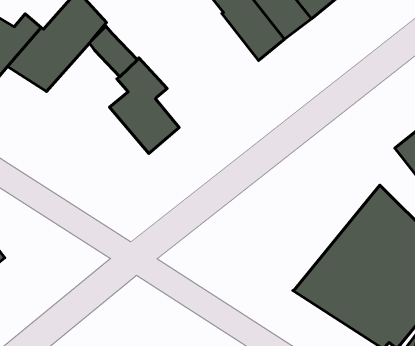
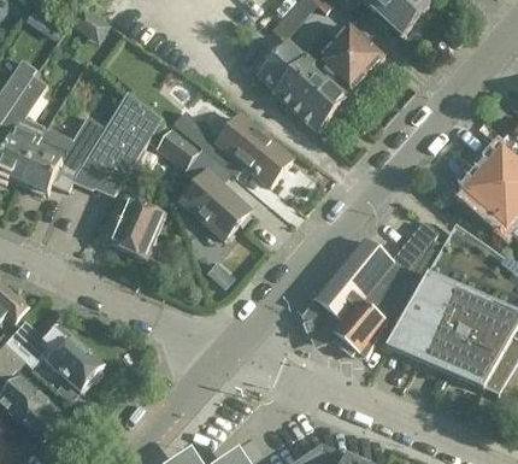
building: none -> [171,108,290,184]
building: none -> [107,195,164,257]
building: none -> [306,221,445,357]

